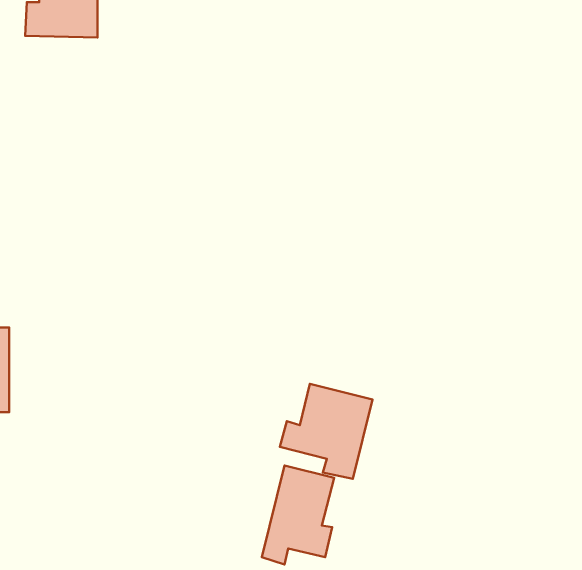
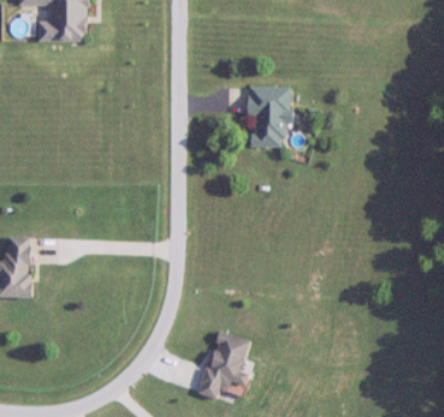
building: none -> [249,87,290,148]
building: [280,384,373,479] -> none

